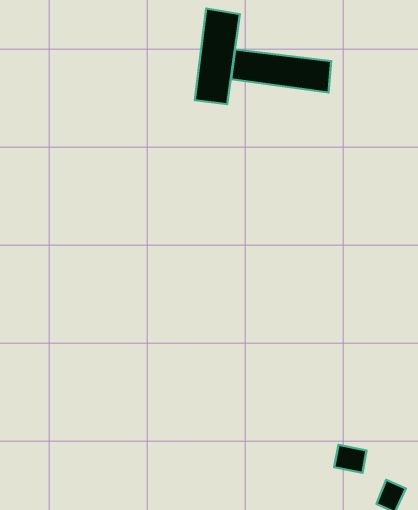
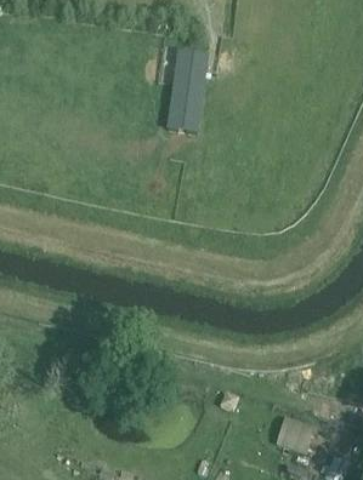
building: [231,49,331,93] -> none

